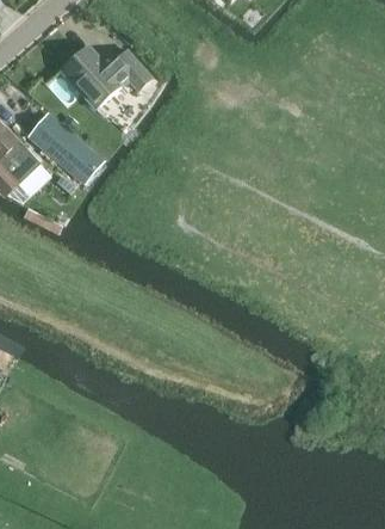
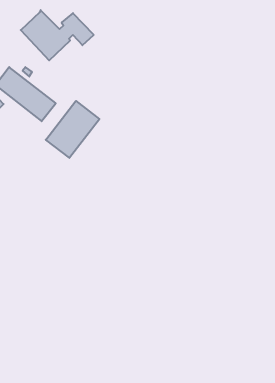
building: none -> [46,101,99,158]

